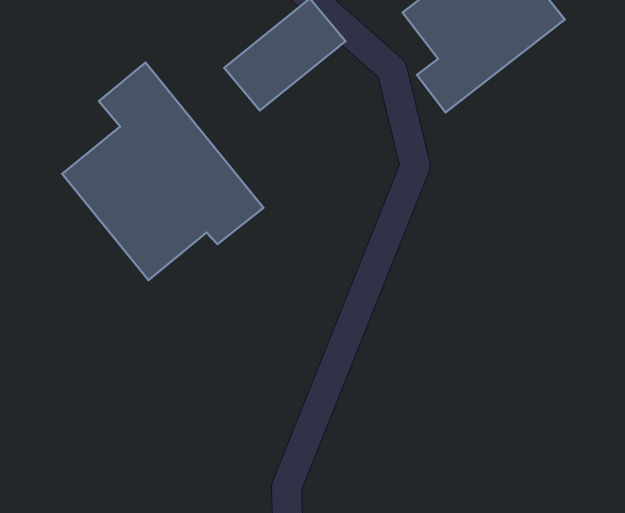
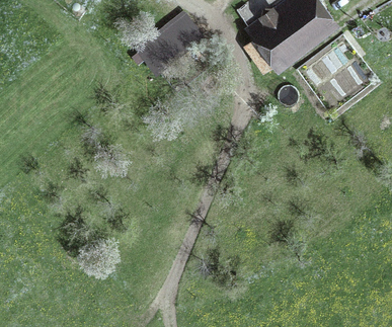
building: [62,62,264,280] -> none

